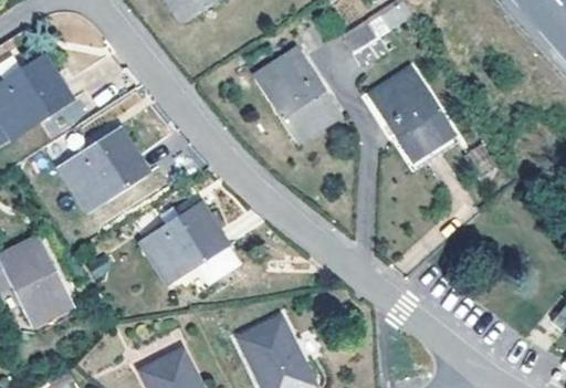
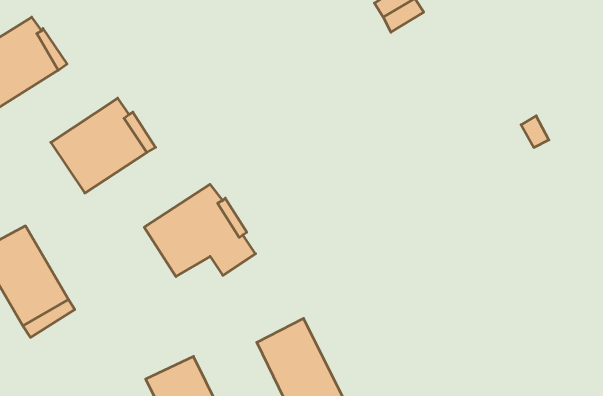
building: [252,49,338,141] -> none
building: [368,66,454,158] -> none

